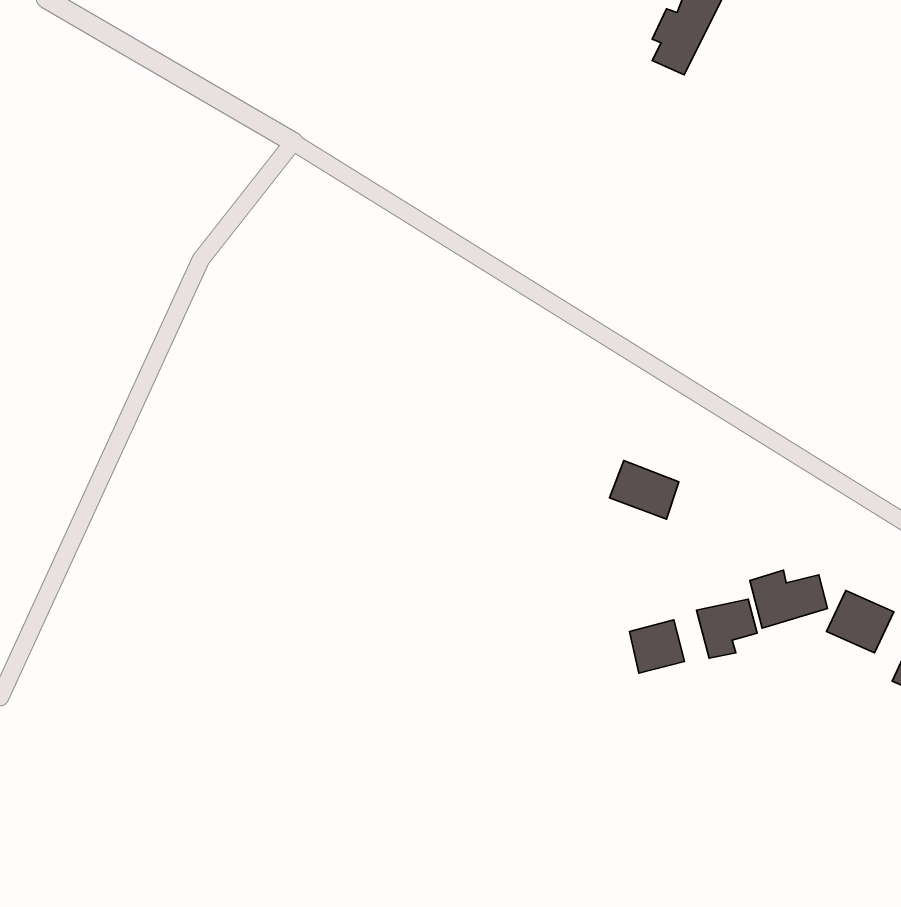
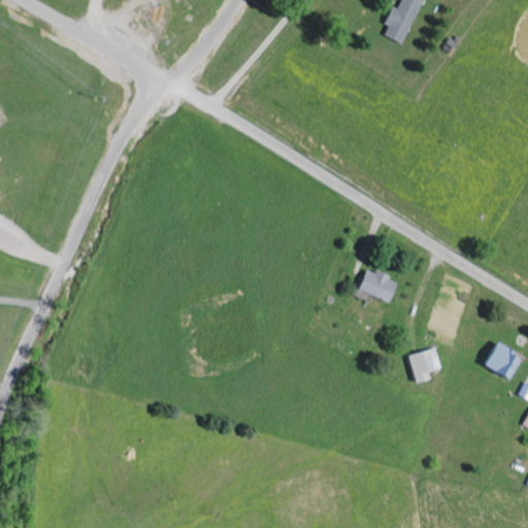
building: [750,570,827,628] -> none
building: [630,620,685,673] -> none

